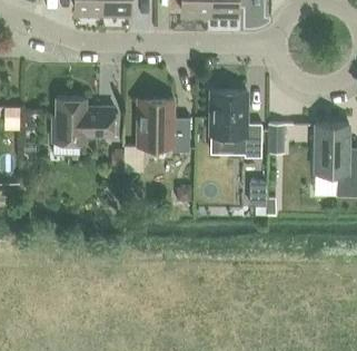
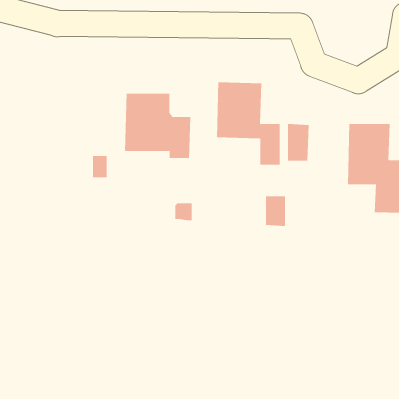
building: [52,98,115,144] -> none

